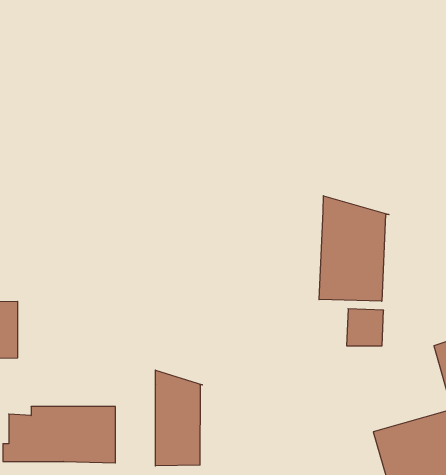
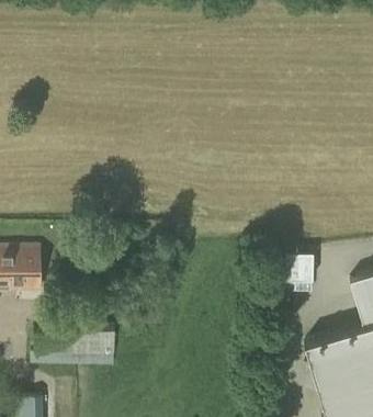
building: [319,196,389,301] -> none
building: [155,370,202,466] -> none

